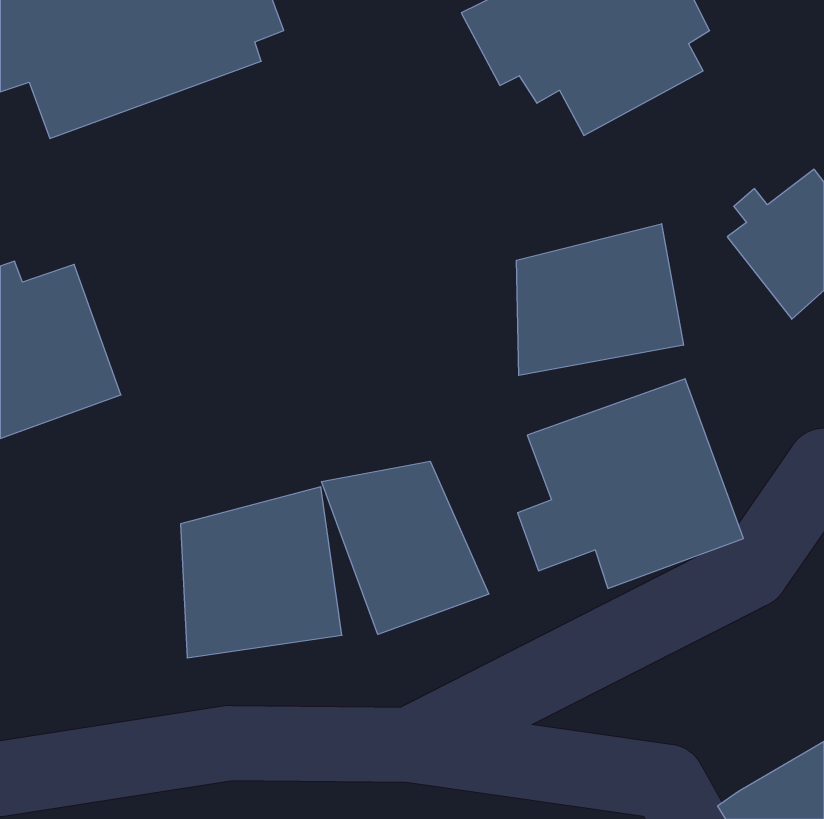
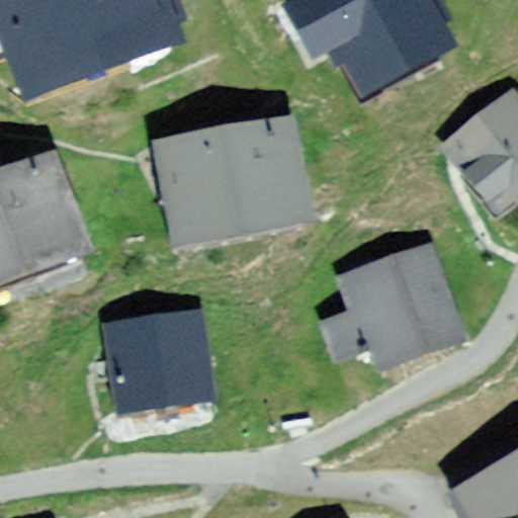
building: none -> [165,128,299,239]
building: [517,224,683,375] -> none
building: [322,461,489,634] -> none

